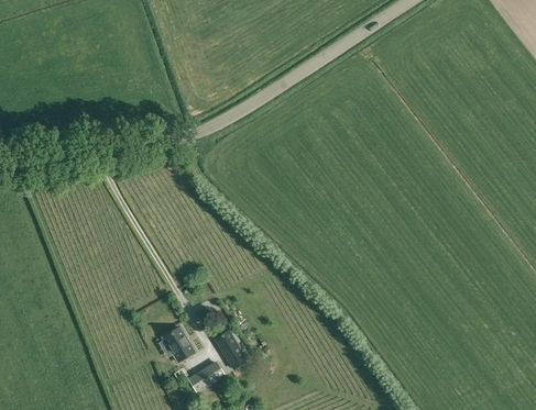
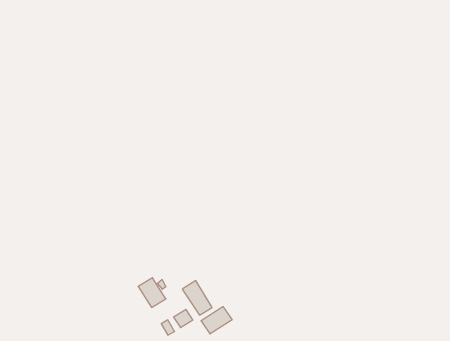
building: none -> [201,307,232,334]

